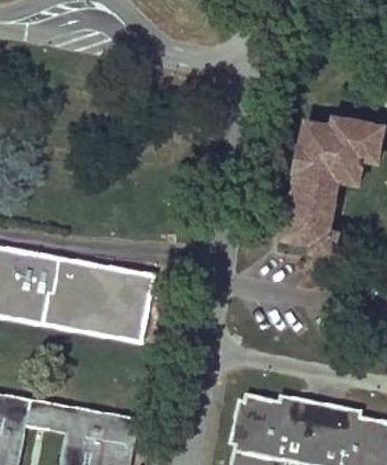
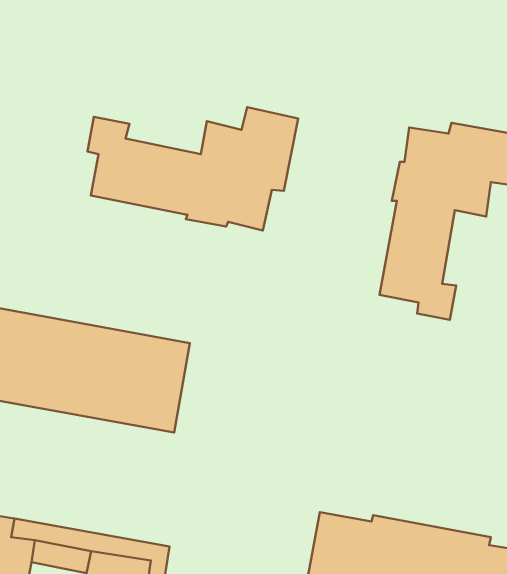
building: none -> [87,107,298,231]

